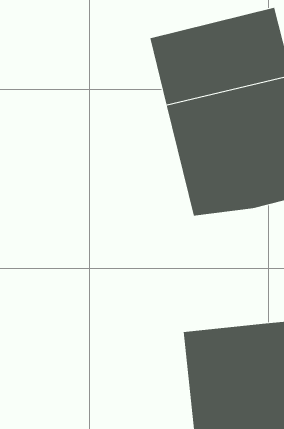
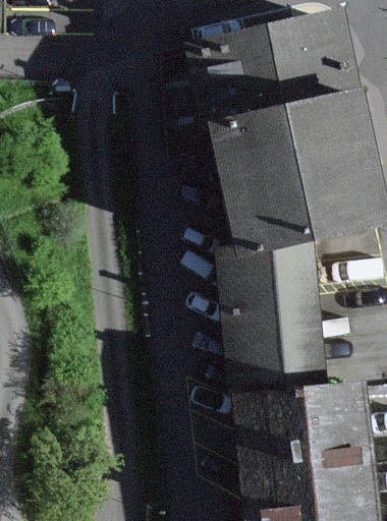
building: none -> [220,248,331,394]

